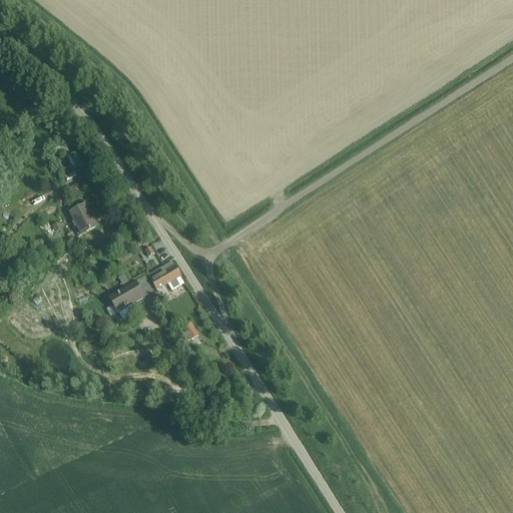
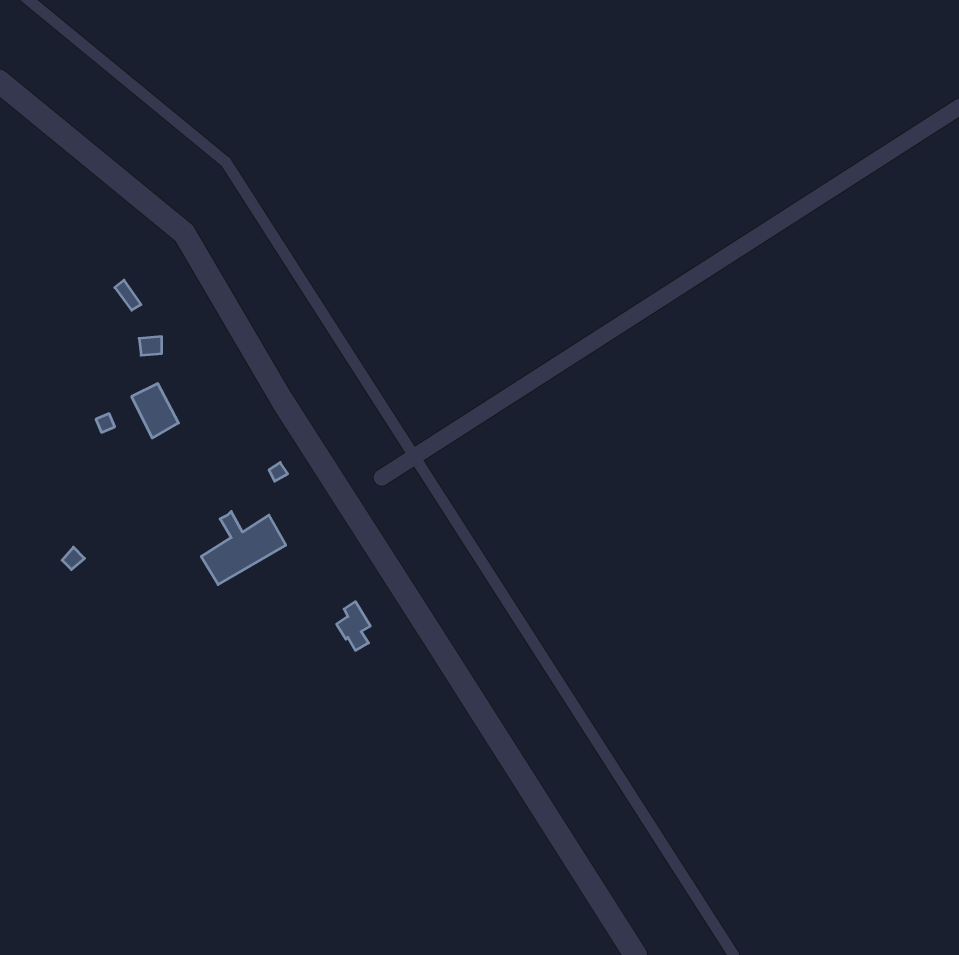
building: [147,261,183,289] -> none

